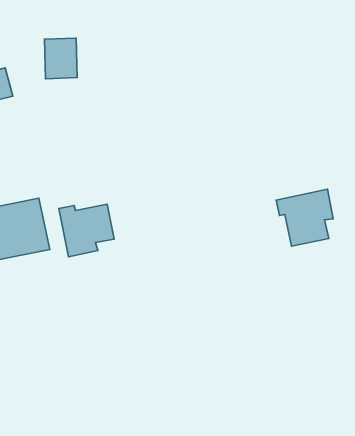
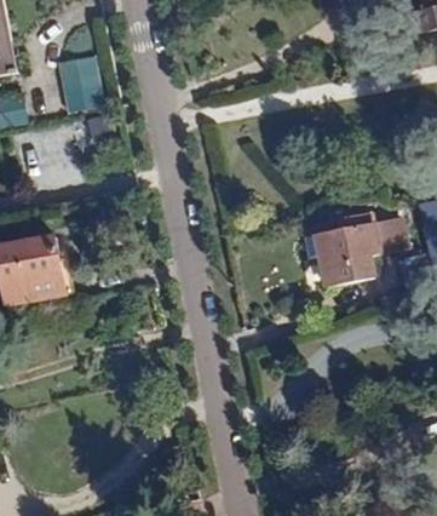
building: [59,204,114,257] -> none

